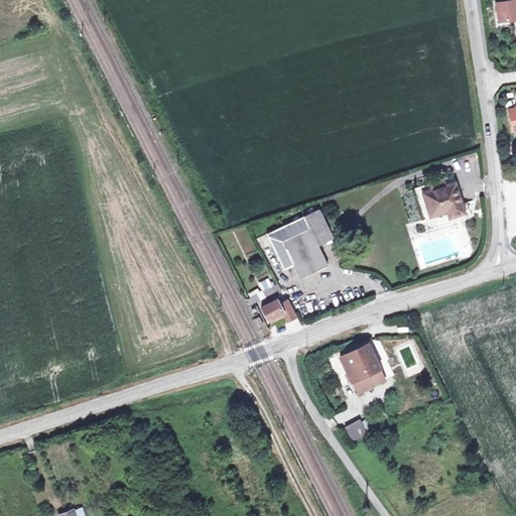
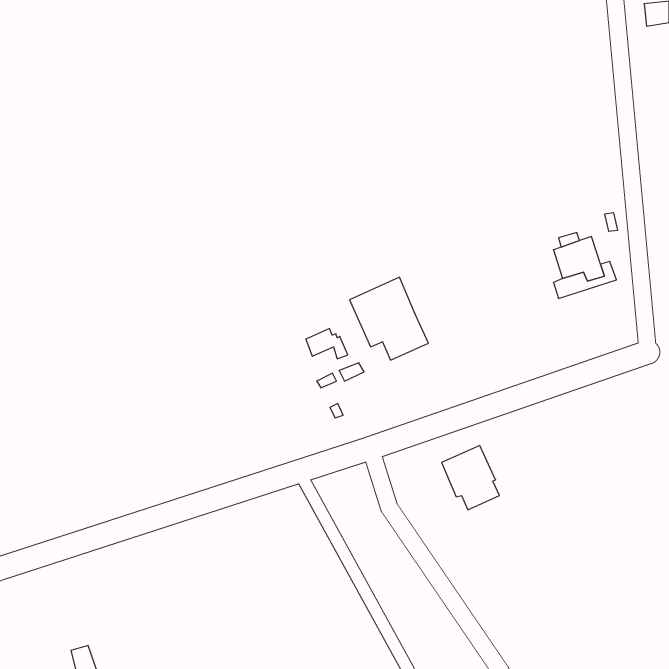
building: [306,209,333,243] -> none
building: [260,293,292,316] -> [306,329,348,359]
building: [342,418,370,443] -> none

